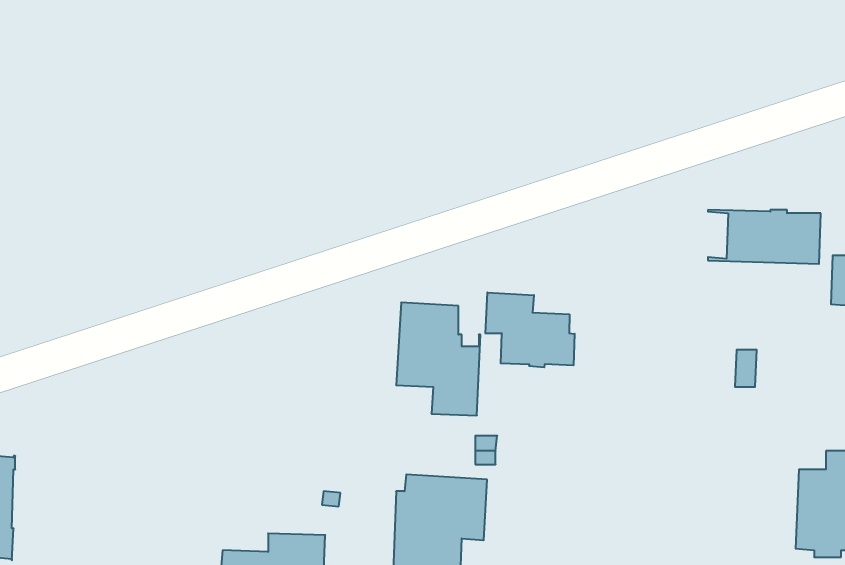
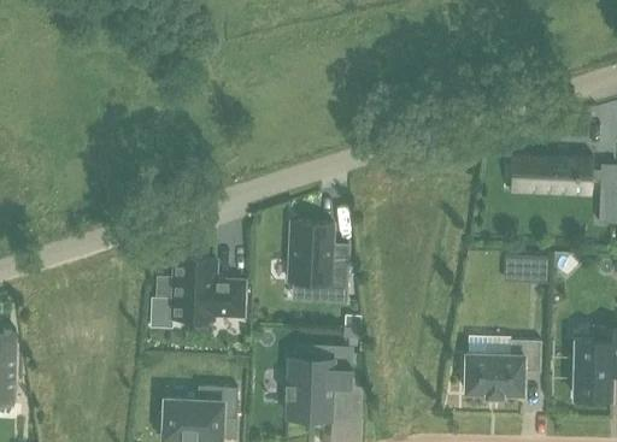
building: [485,292,575,367] -> none
building: none -> [157,258,246,320]
building: none -> [465,340,541,396]

